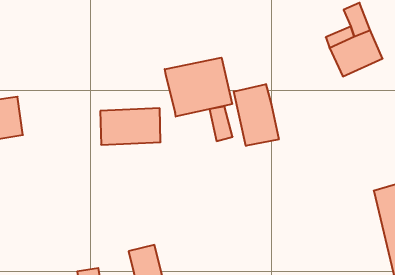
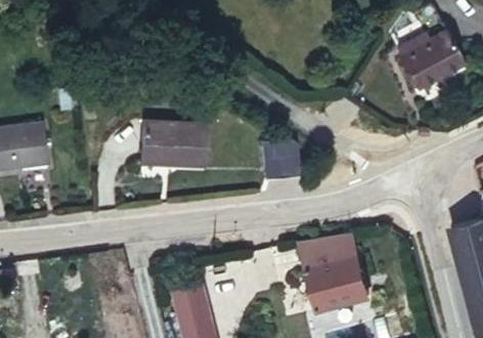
building: [165,58,232,117] -> none
building: [234,84,279,146] -> none
building: none -> [294,228,368,308]

